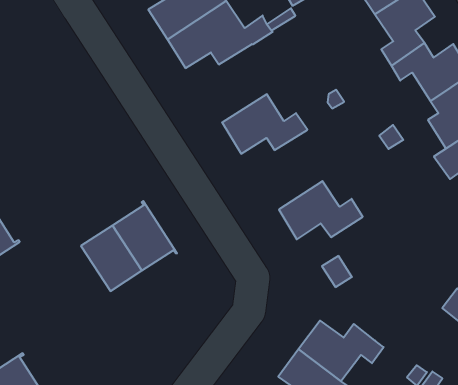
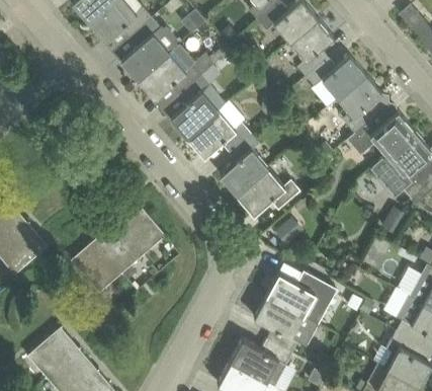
building: none -> [171,76,226,137]
building: none -> [221,134,267,196]
building: none -> [71,242,121,294]

